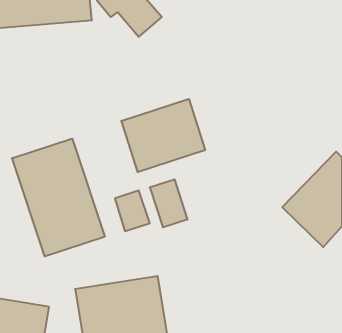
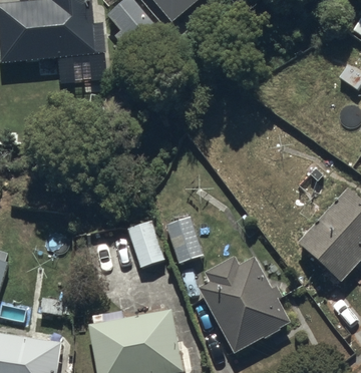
building: [121,99,205,172] -> none
building: [12,139,105,256] -> none
building: none -> [198,257,291,353]

